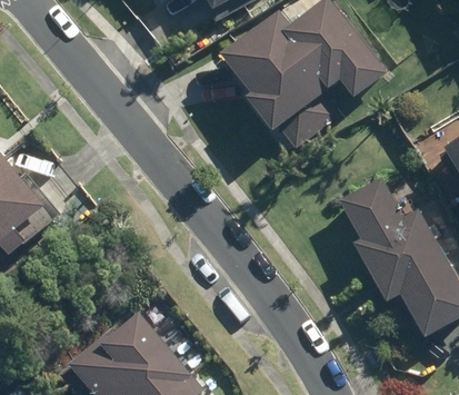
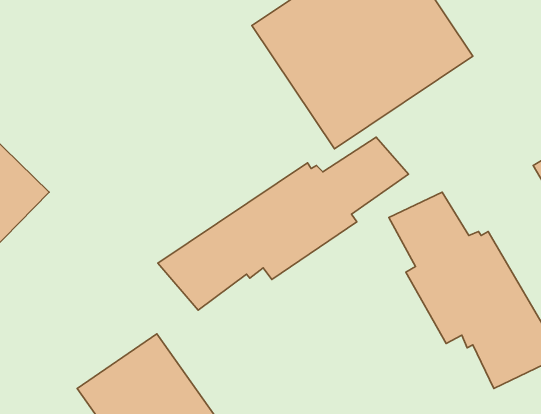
building: none -> [158,137,409,310]

